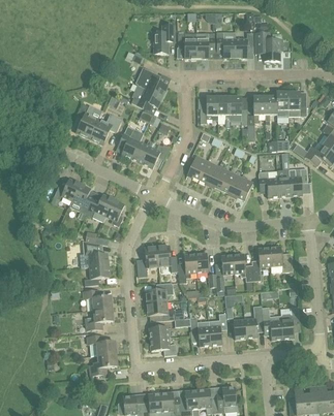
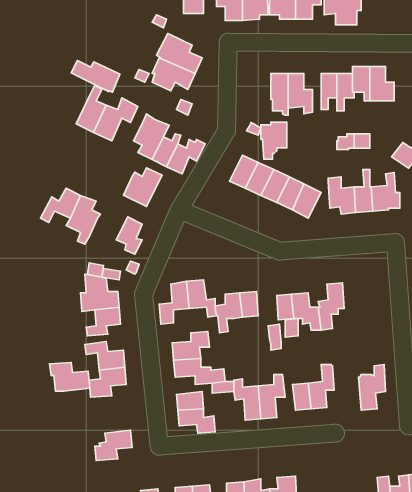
building: none -> [71,60,120,92]
building: [199,96,217,123] -> [261,122,287,159]
building: [86,194,114,222] -> [123,168,162,207]
building: [269,246,292,273] -> none
building: [262,307,282,340] -> none
building: [87,334,116,355] -> [50,363,90,391]

